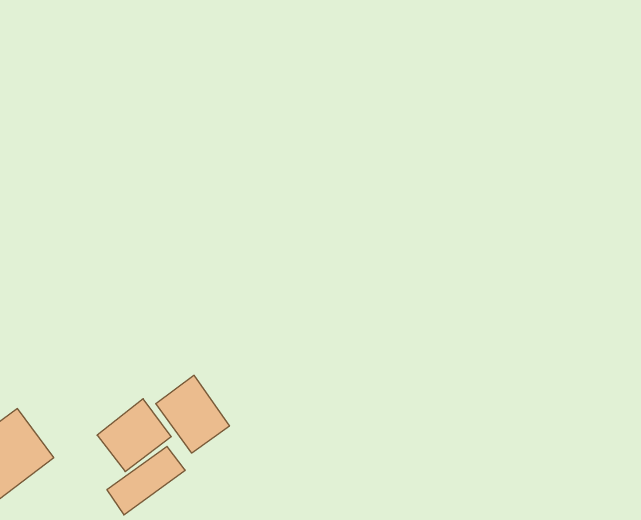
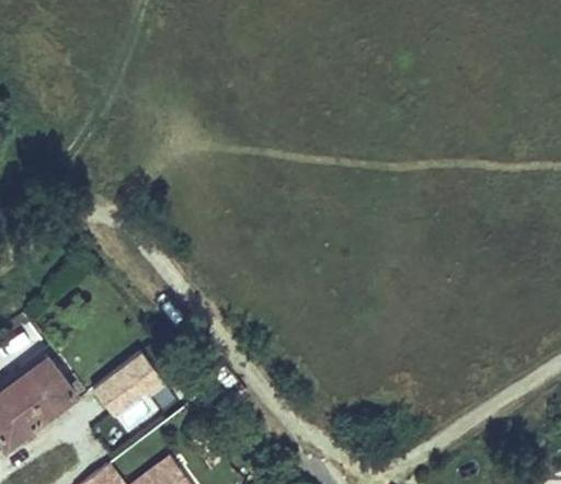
building: [156,375,229,453] -> none

